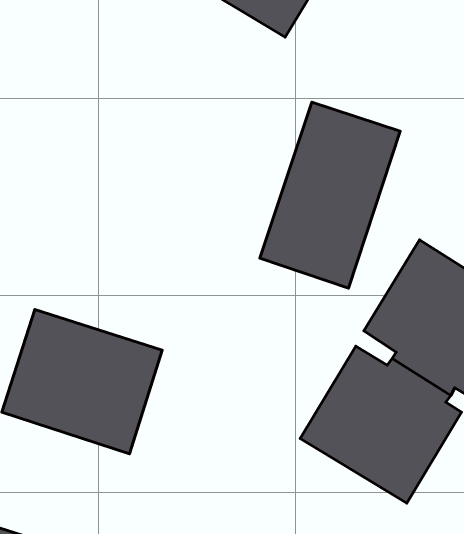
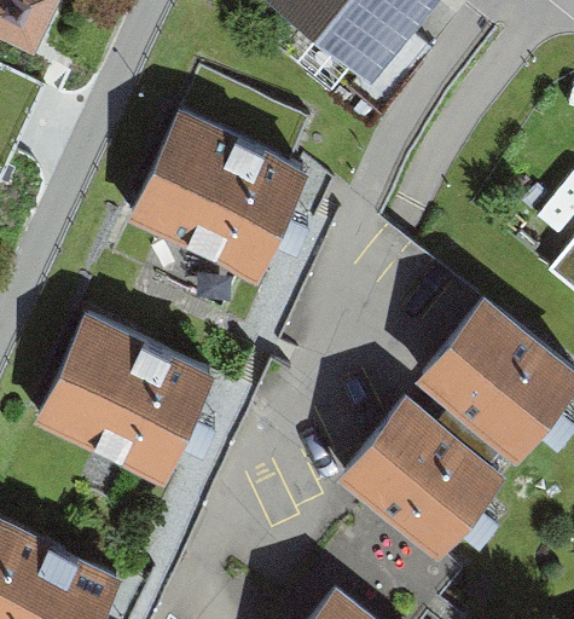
building: none -> [139,117,309,277]
building: [260,102,400,288] -> none

